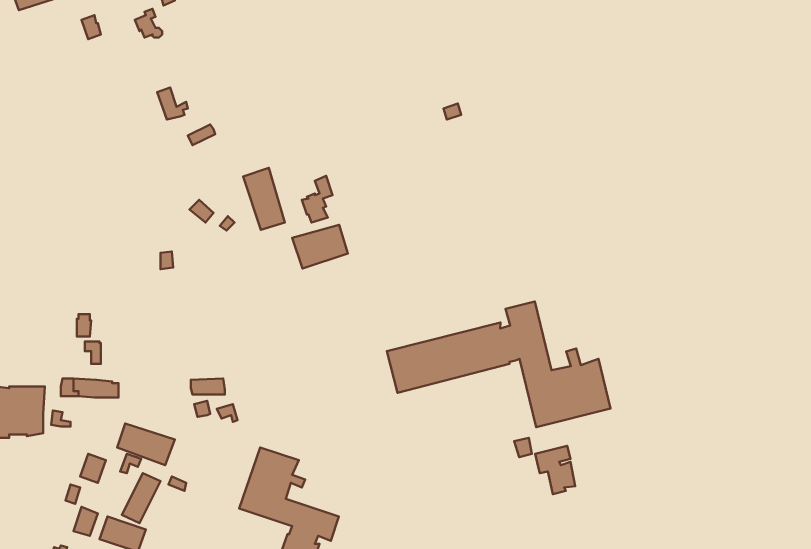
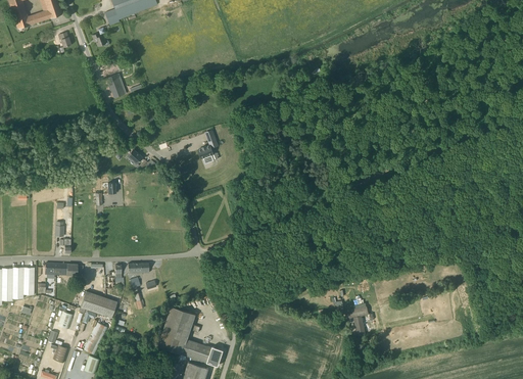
building: [243,168,285,230] -> none
building: [292,225,348,269] -> none
building: [387,302,611,427] -> none

